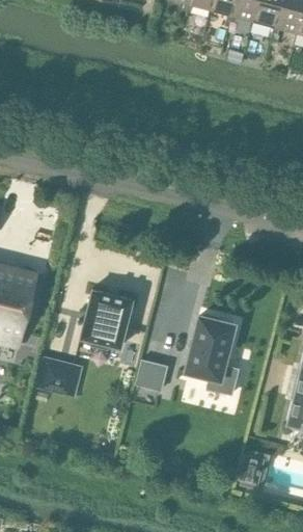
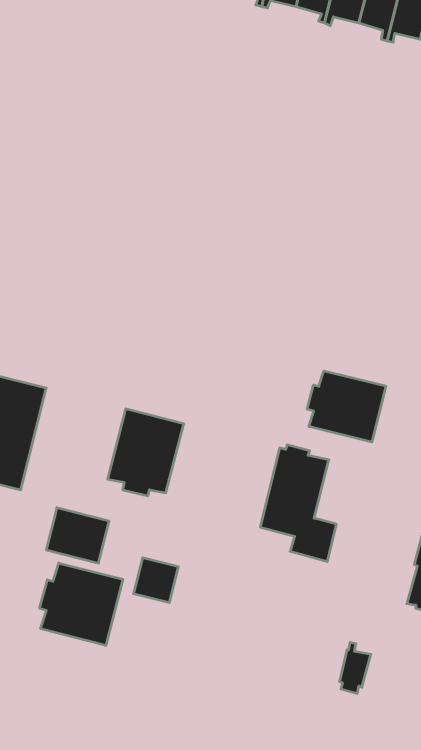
building: none -> [307,371,386,442]
building: [136,360,167,391] -> [134,558,178,603]
building: none -> [40,563,123,646]

